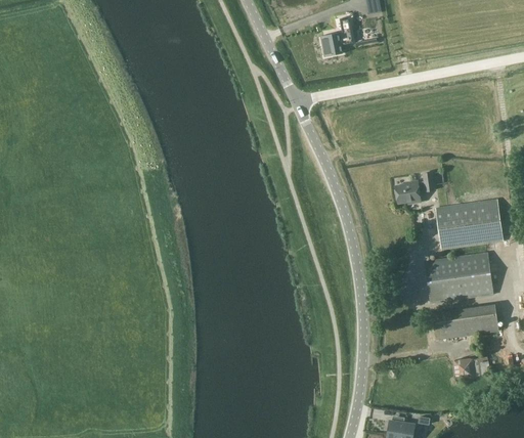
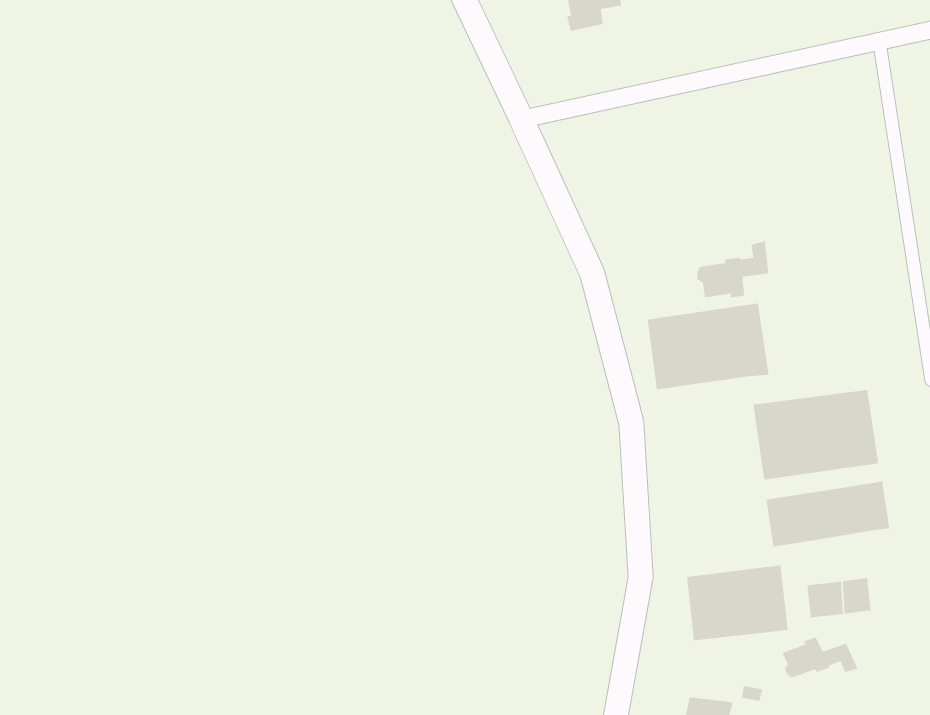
building: [436,200,504,248] -> [647,303,770,390]
building: none -> [686,565,788,641]
building: none -> [781,636,859,679]

